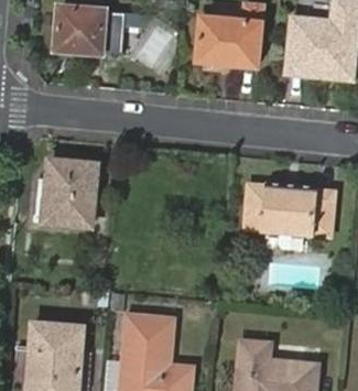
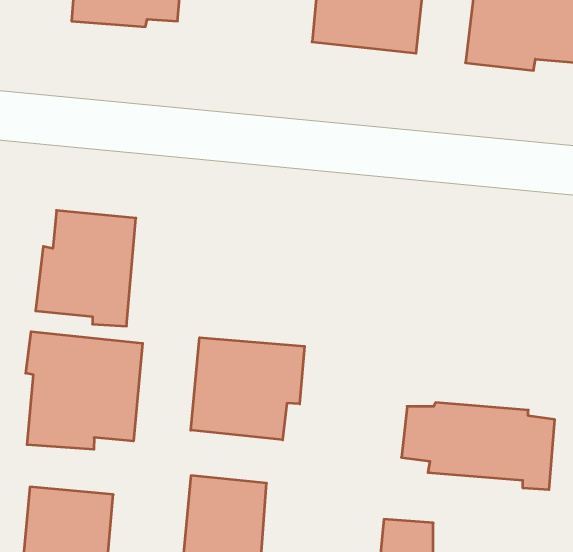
building: [248,185,337,236] -> [401,403,555,490]
building: none -> [26,332,143,449]
building: none -> [191,338,305,440]

